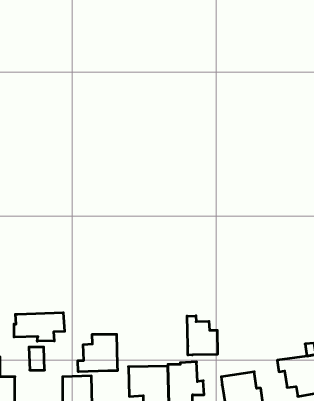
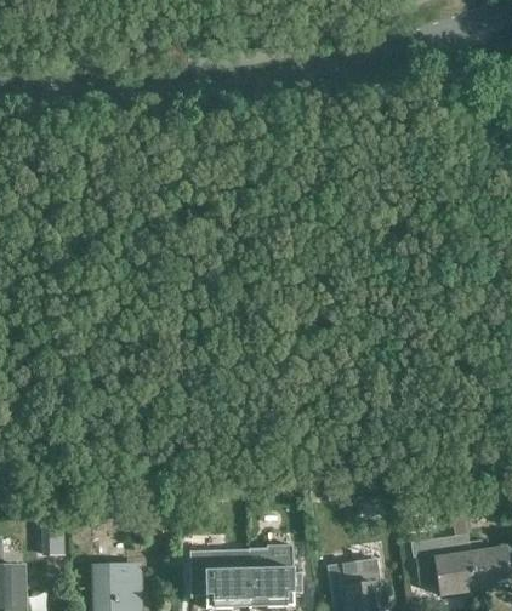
building: [14,313,65,341] -> none
building: [187,316,217,355] -> none
building: [78,334,117,372] -> none

